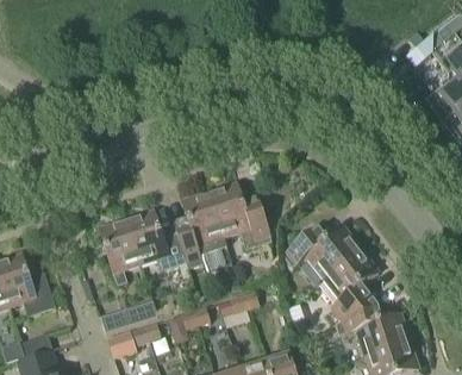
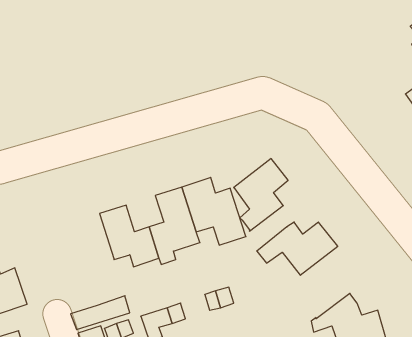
building: [99,218,142,285] -> none
building: [325,250,379,321] -> [234,159,288,231]

